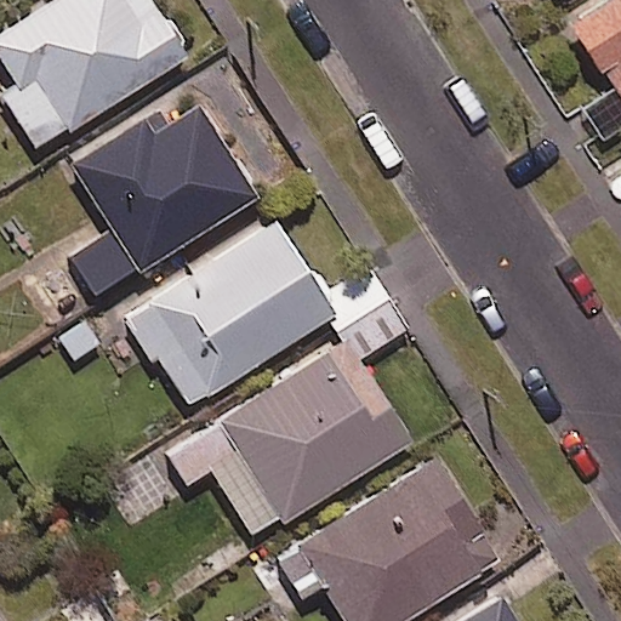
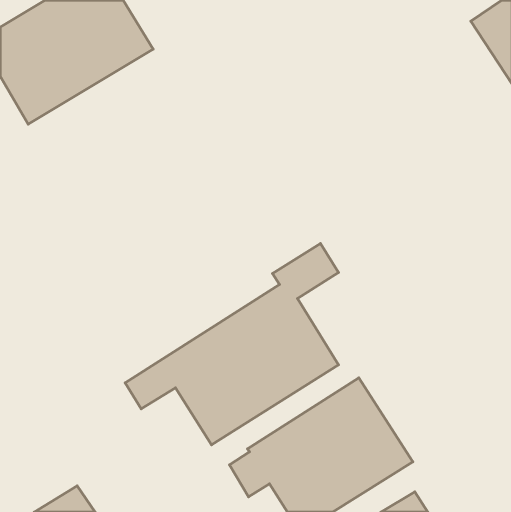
building: [72,95,257,296] -> none
building: [127,221,334,409] -> none

